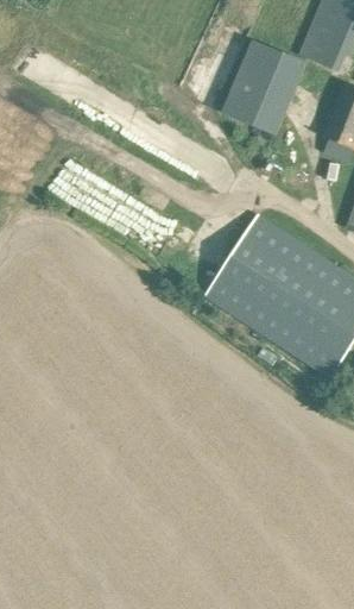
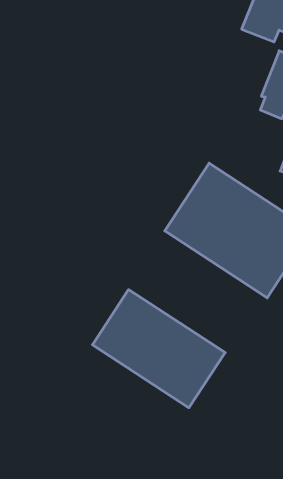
building: [221,37,305,132] -> none
building: none -> [92,290,225,408]

